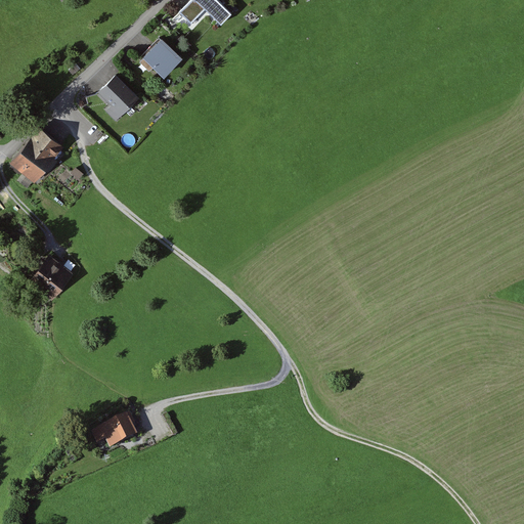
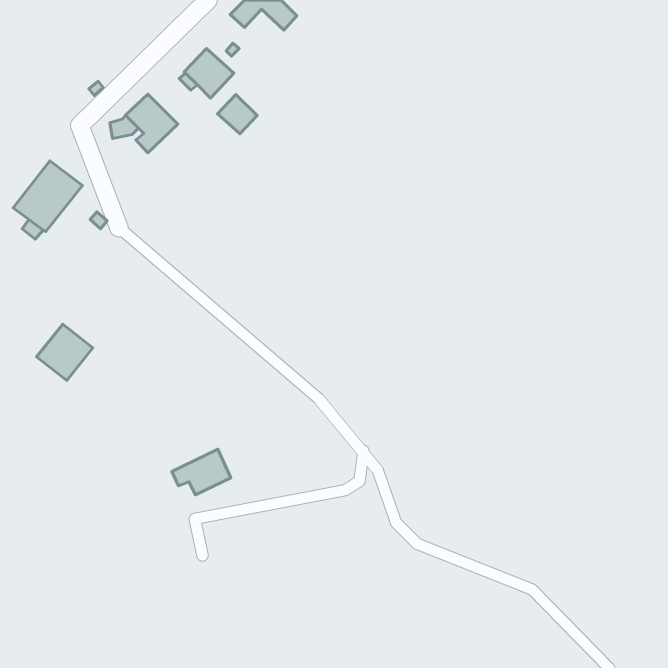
building: none -> [218,94,257,134]
building: [92,414,138,450] -> [172,449,231,495]

